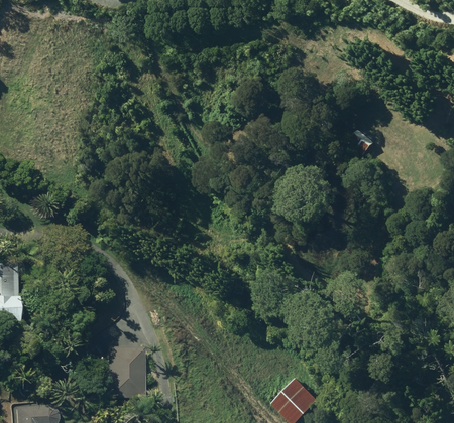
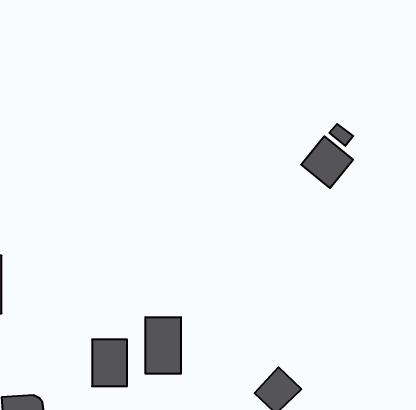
building: none -> [301,136,353,188]
building: none -> [145,317,181,374]

